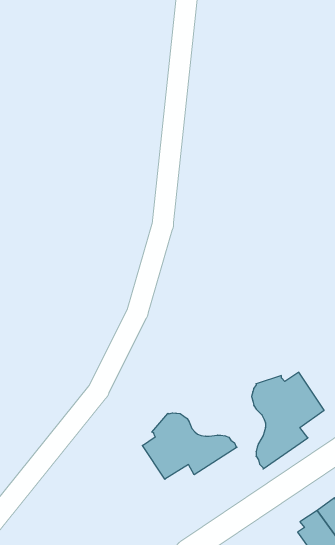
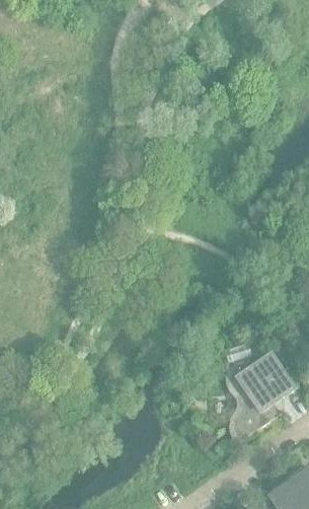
building: [142,413,237,479] -> none

